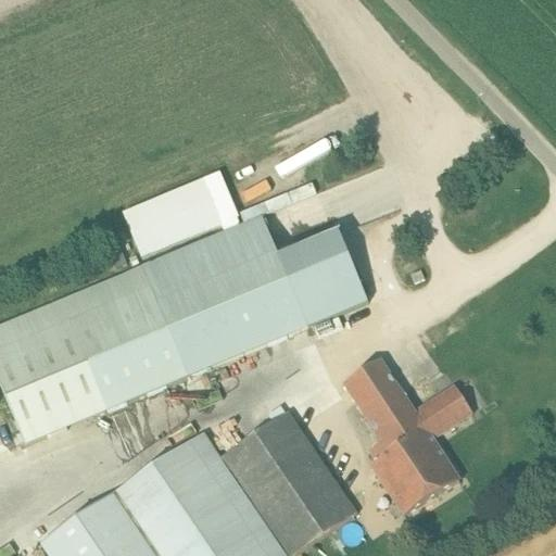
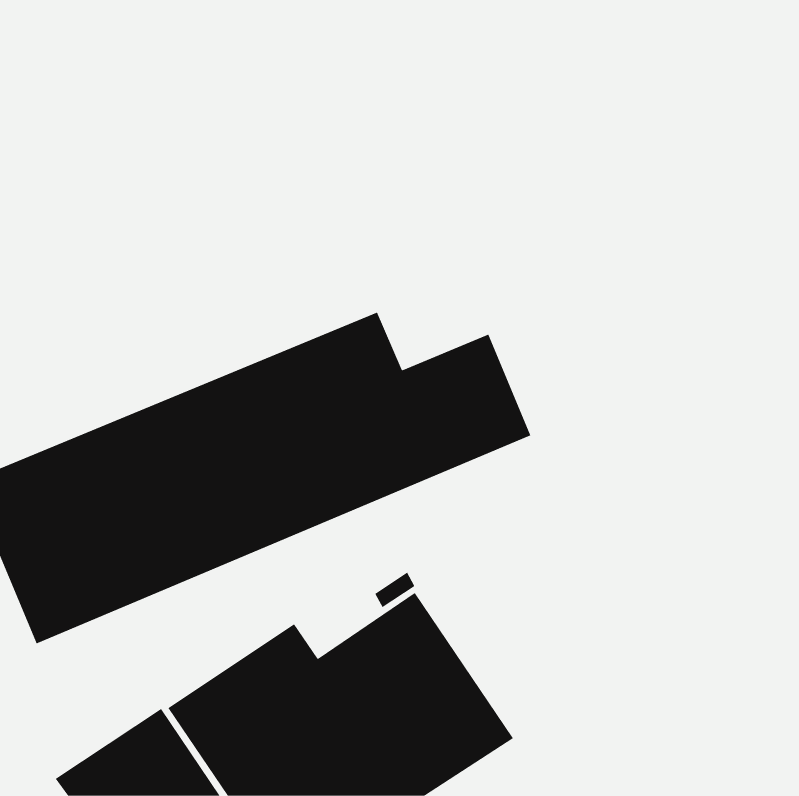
building: [119,169,239,262] -> none
building: [343,358,472,515] -> none

